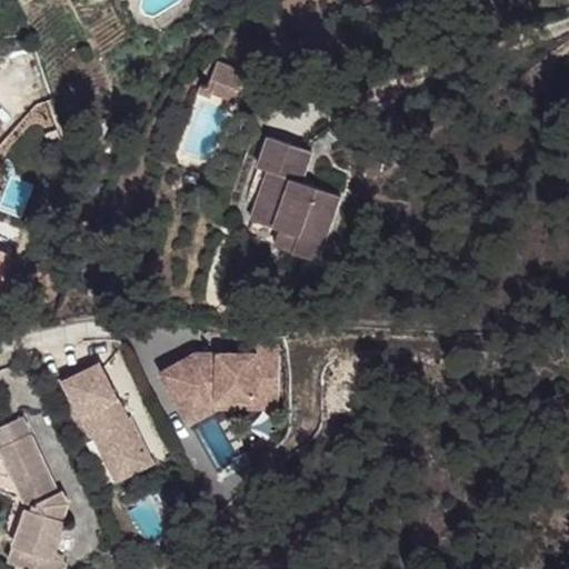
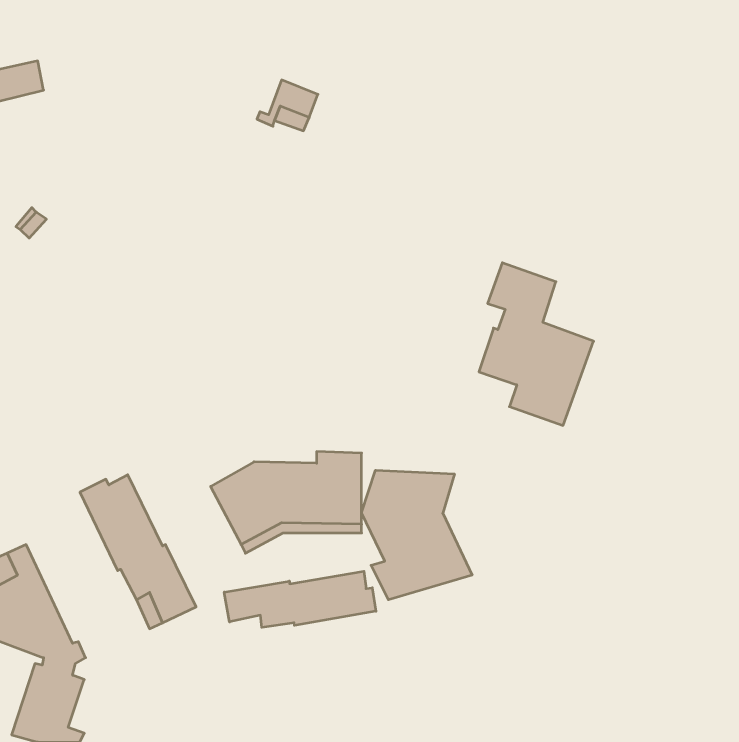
building: [251,136,339,260] -> [479,263,594,425]
building: none -> [362,470,472,600]
building: none -> [224,571,376,627]

